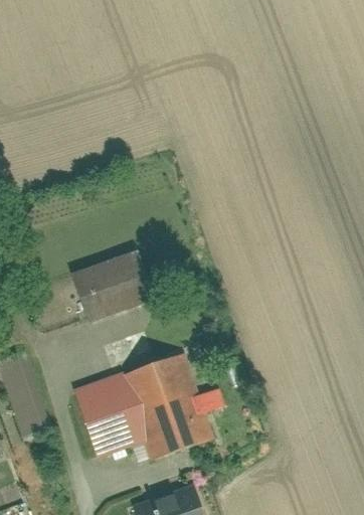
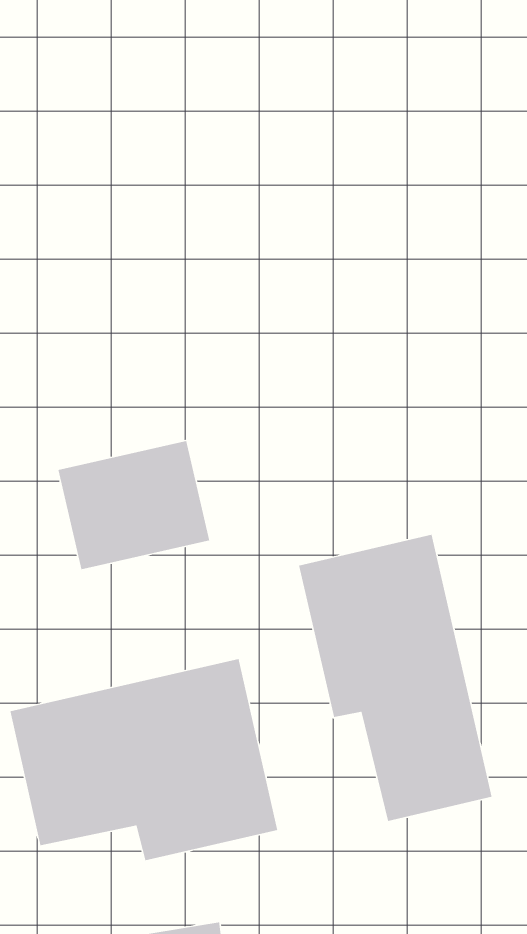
building: none -> [298,534,493,822]

